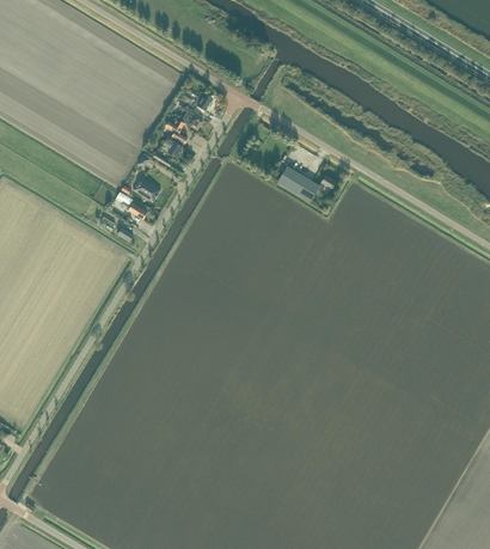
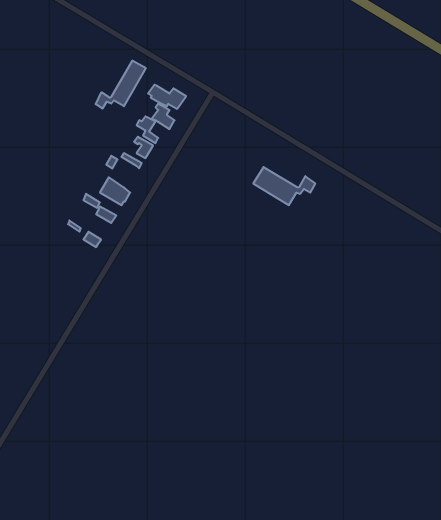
building: none -> [96,61,146,109]

